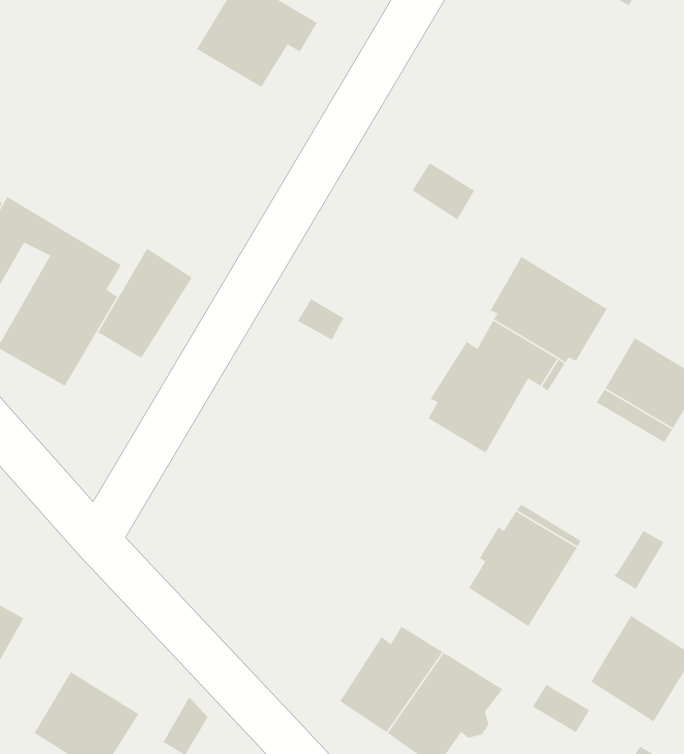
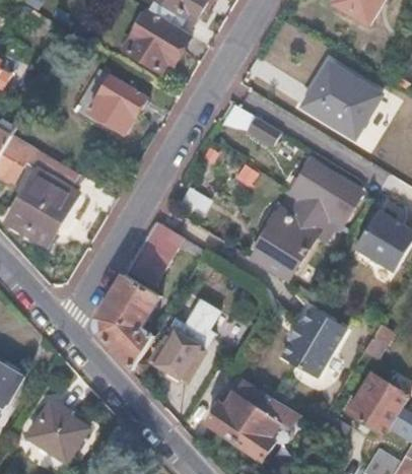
building: none -> [302,64,379,138]
building: none -> [89,74,148,133]
building: [97,248,193,359] -> [128,220,183,284]
building: none -> [98,273,161,369]
building: none -> [151,299,218,381]

